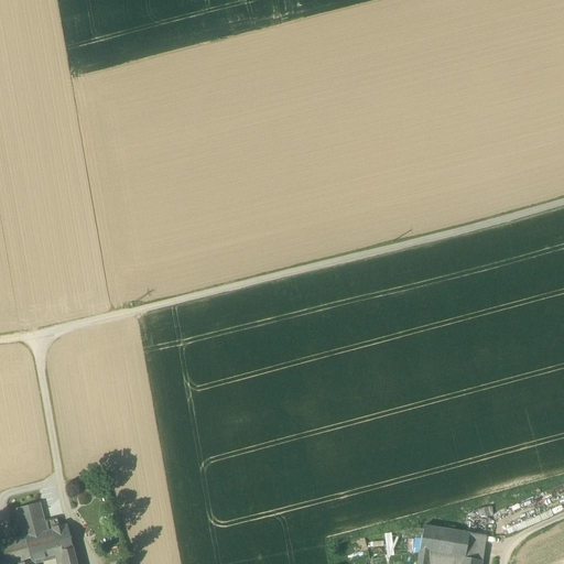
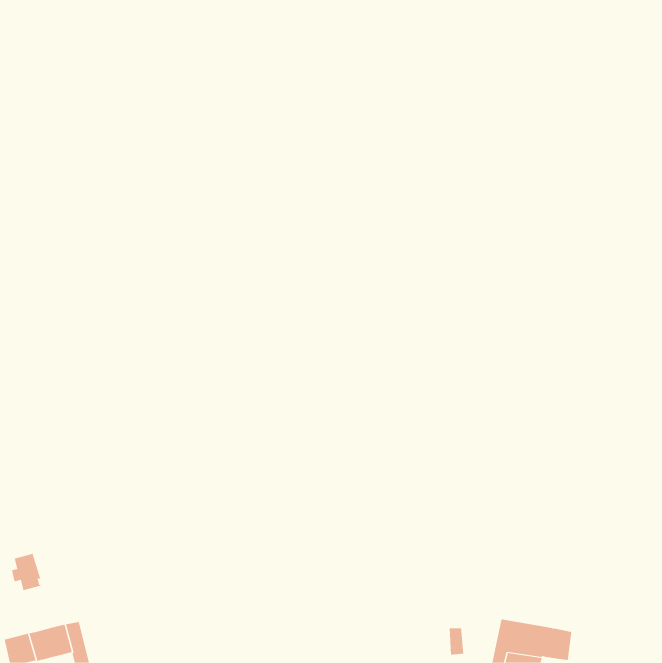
building: [22,503,48,535] -> [11,553,42,591]

